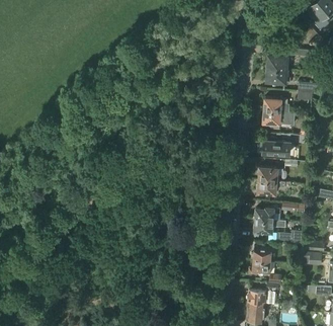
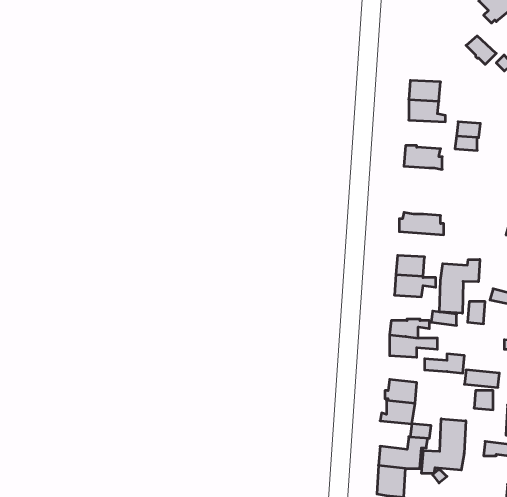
building: [263,109,294,128] -> none
building: none -> [440,259,480,313]
building: none -> [422,419,466,473]

